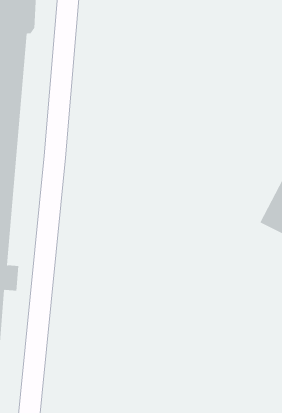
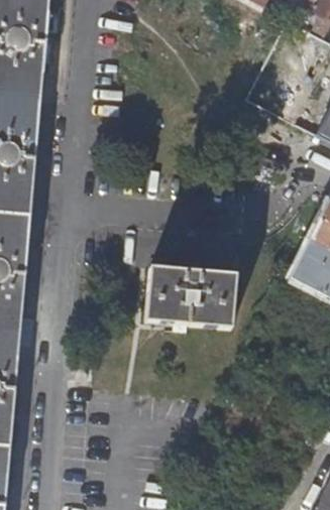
building: none -> [145,265,237,328]

